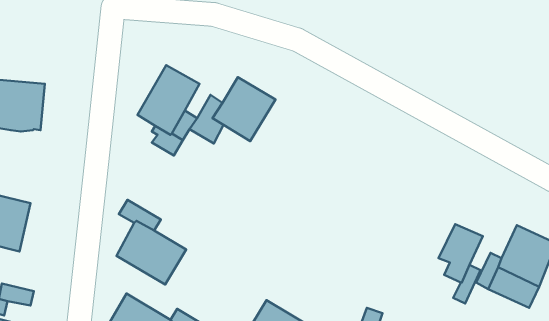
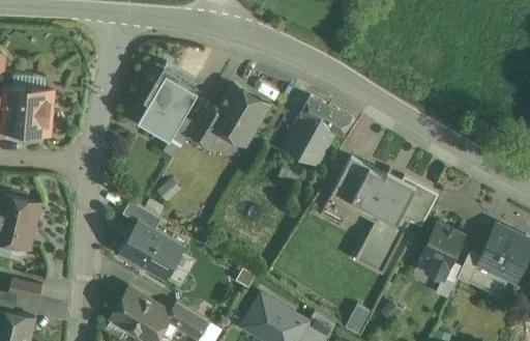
building: none -> [281,96,351,167]
building: none -> [330,157,435,271]

